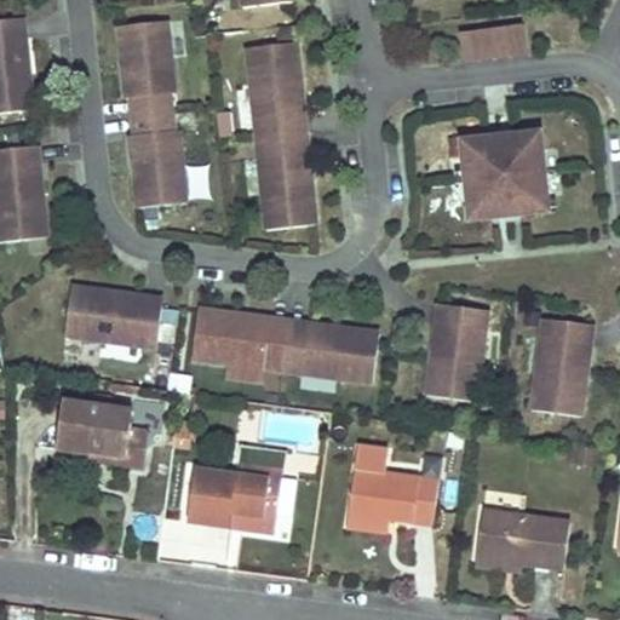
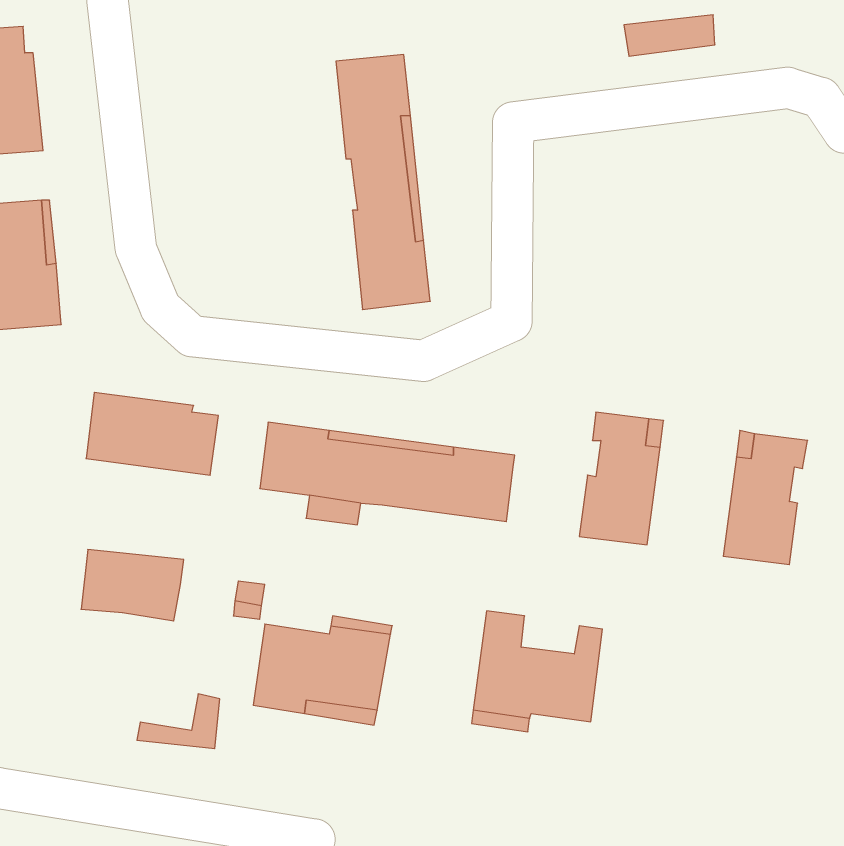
building: [117,18,184,205] -> none
building: [461,119,545,205] -> none
building: [87,427,148,467] -> [137,694,220,749]
building: [471,507,567,570] -> none

